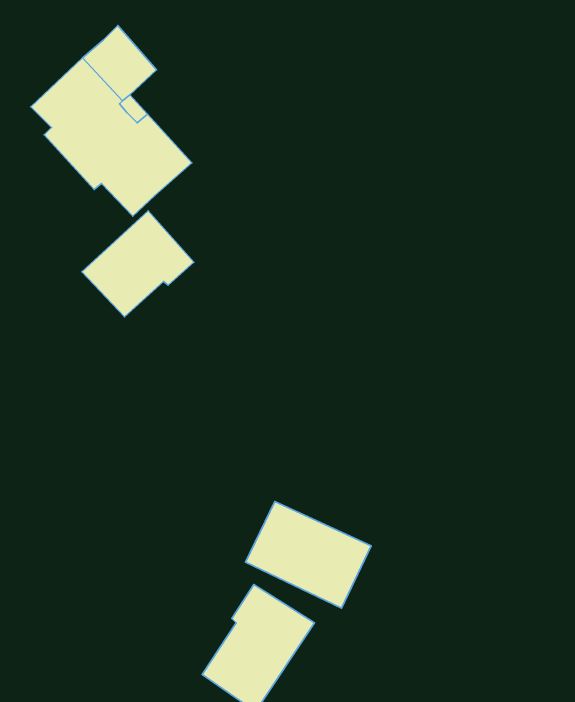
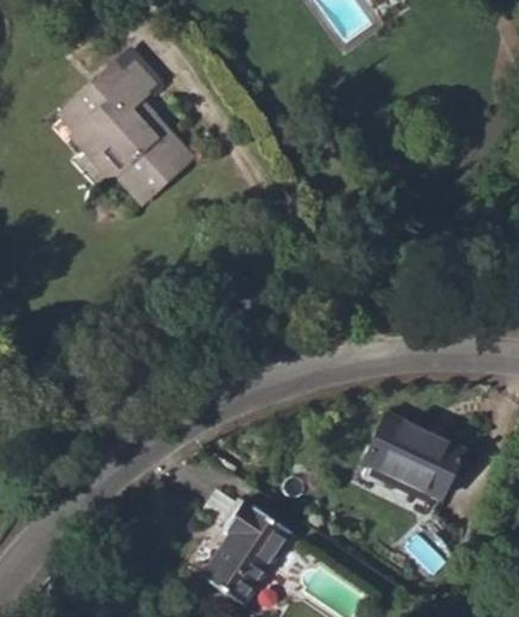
building: [82,211,194,317] -> none
building: [245,502,371,608] -> [362,413,465,500]

